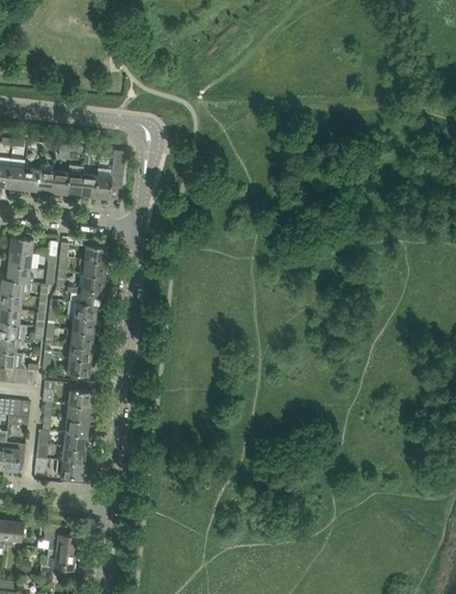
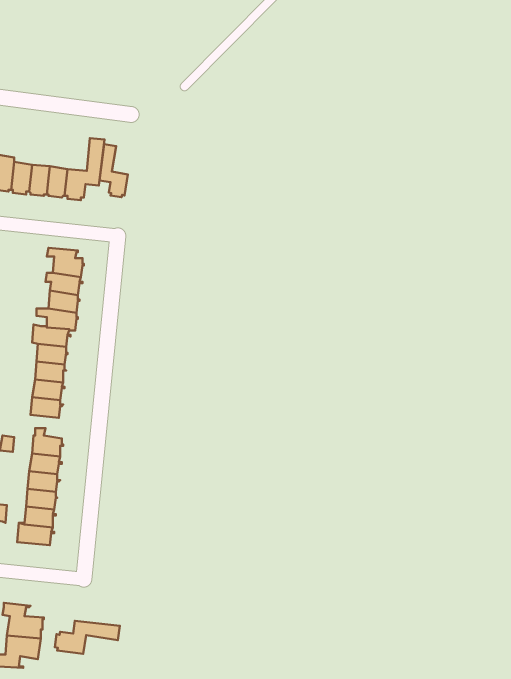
building: none -> [99,144,128,197]
building: none -> [55,621,120,654]

